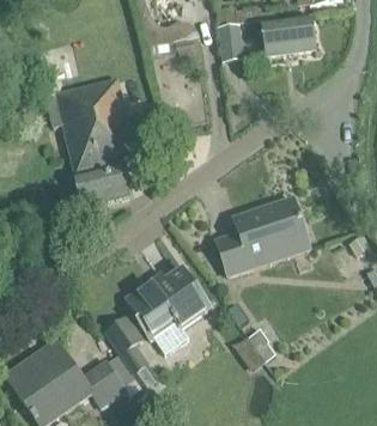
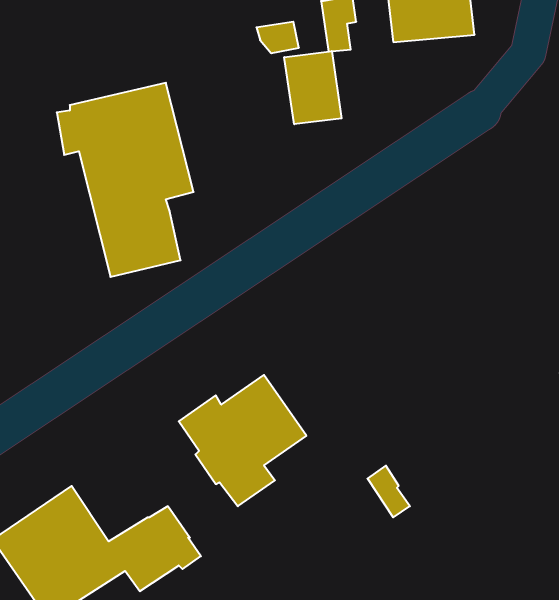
building: none -> [284,51,342,124]
building: [214,197,309,275] -> none
building: [103,315,158,390] -> none

